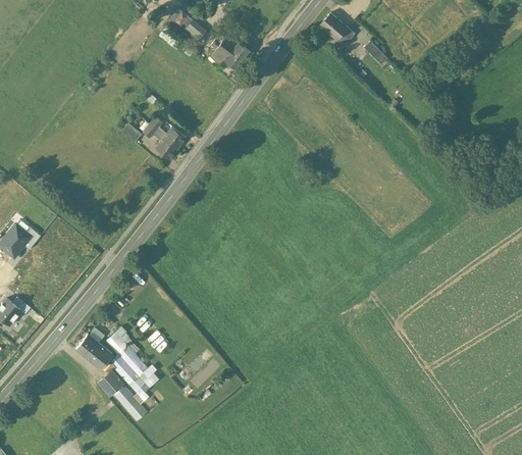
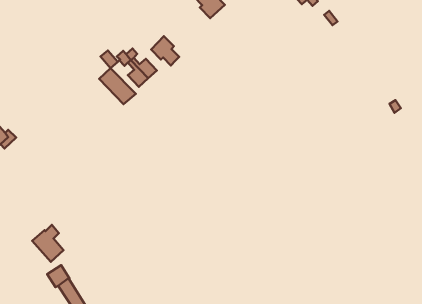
building: none -> [151,36,179,65]
building: none -> [99,68,136,104]
building: [106,332,159,396] -> none

